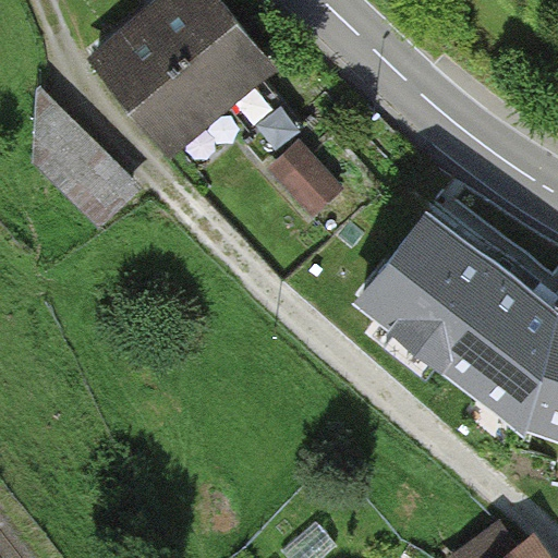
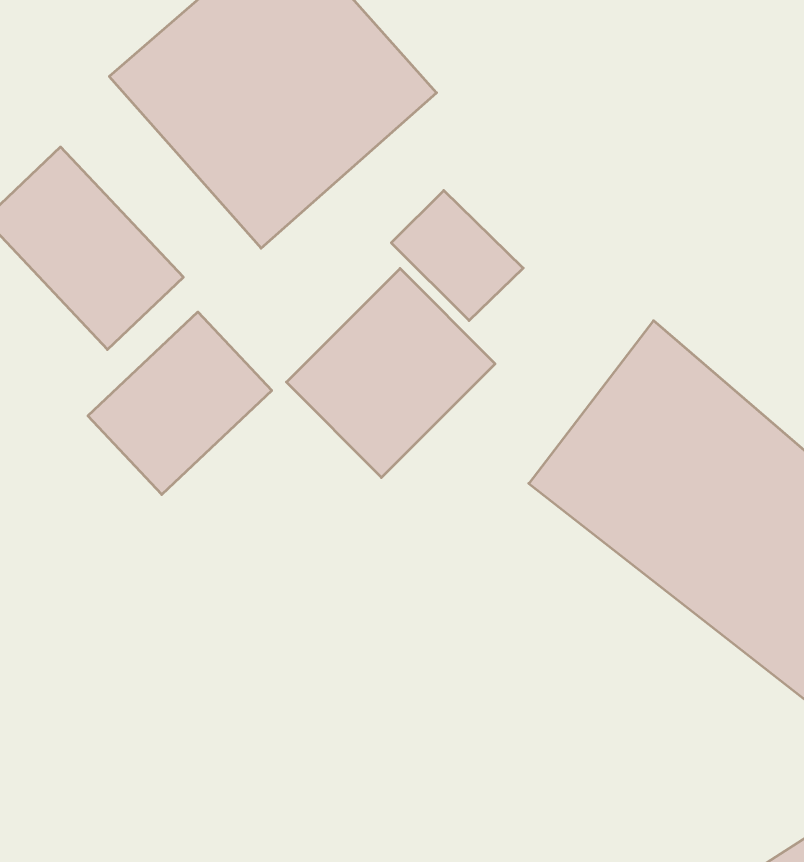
building: none -> [286,268,495,478]
building: none -> [88,312,272,495]

